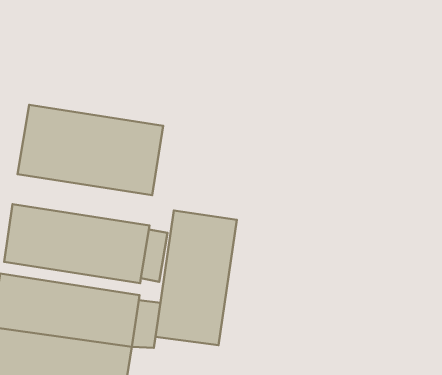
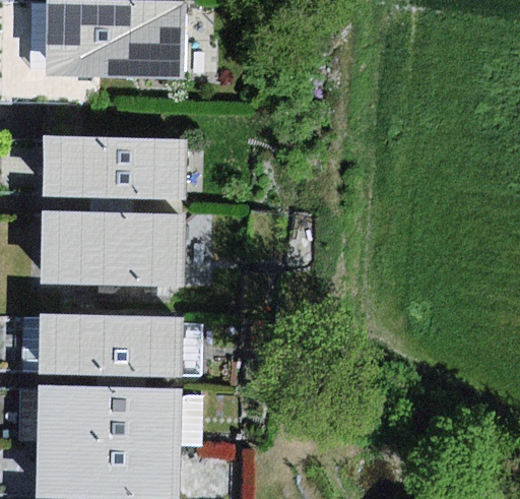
building: none -> [42,137,183,199]
building: [156,211,237,345] -> none

